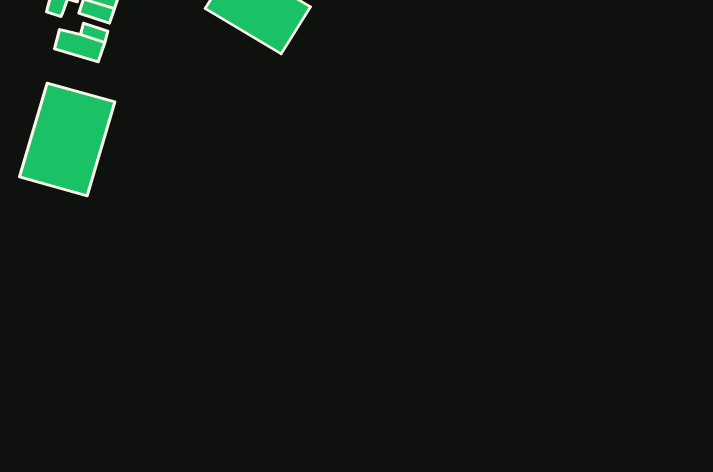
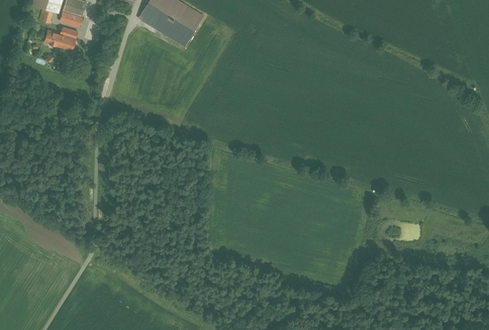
building: [19,83,115,196] -> none

